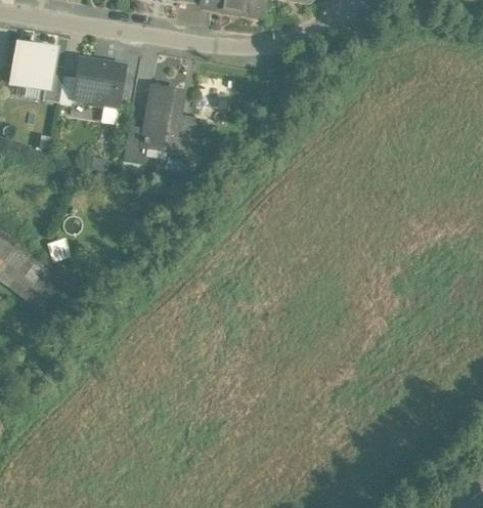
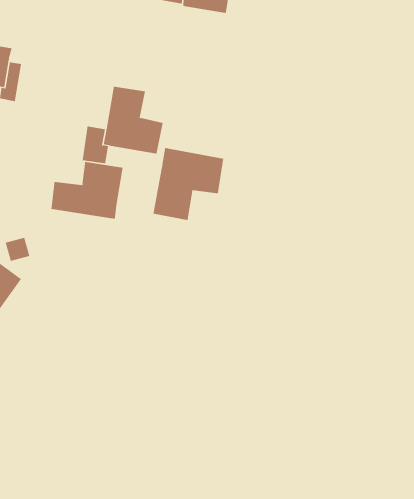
building: [70,58,123,104] -> none
building: none -> [153,147,224,221]
building: none -> [51,161,123,220]

